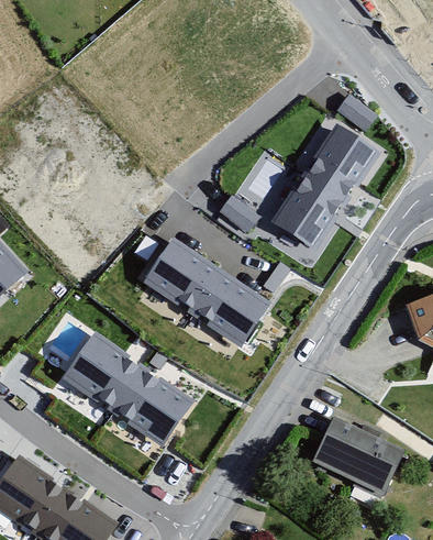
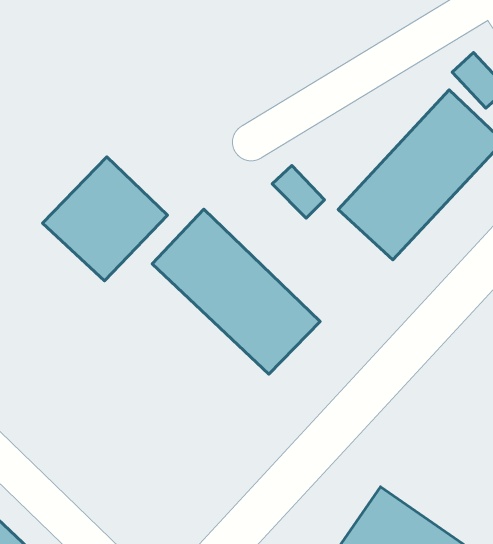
building: none -> [42,157,168,281]
building: [63,327,198,445] -> none

